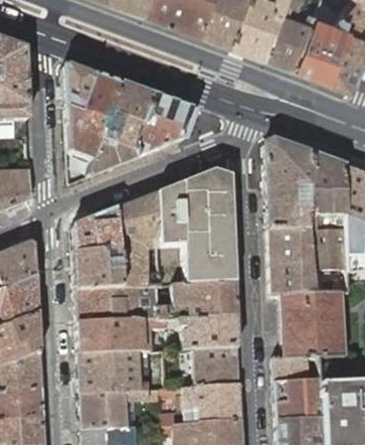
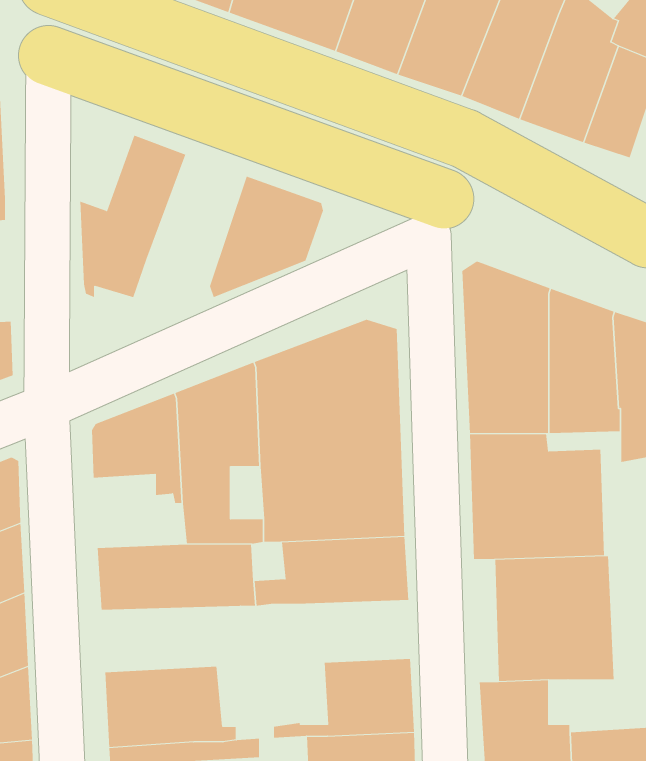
building: [64,63,95,113] -> none
building: [88,84,153,176] -> none
building: [309,228,348,292] -> none
building: [73,250,122,288] -> none
building: [179,315,238,347] -> none
building: [77,317,168,352] -> none

